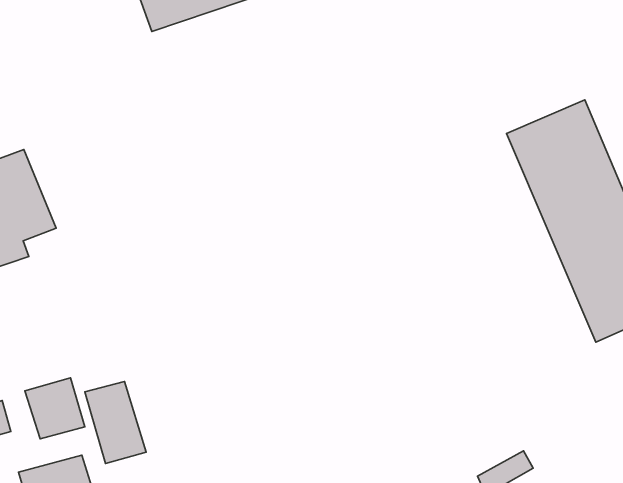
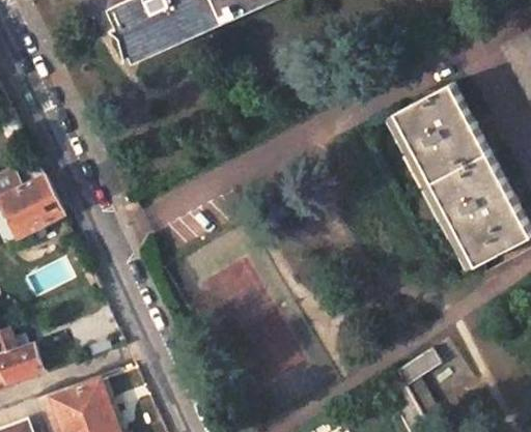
building: [25,378,85,439] -> none
building: [85,381,146,464] -> none

